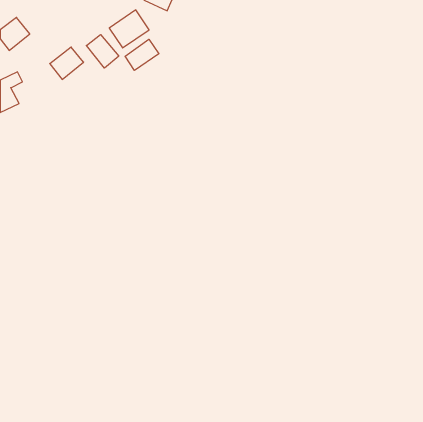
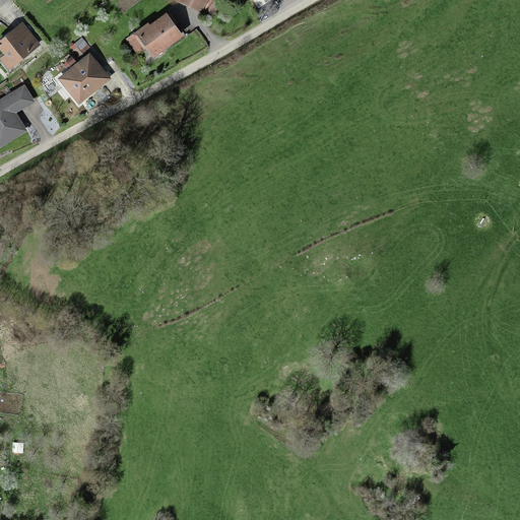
building: [86,35,119,68] -> none
building: [125,39,159,70] -> none

